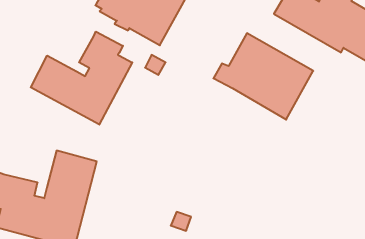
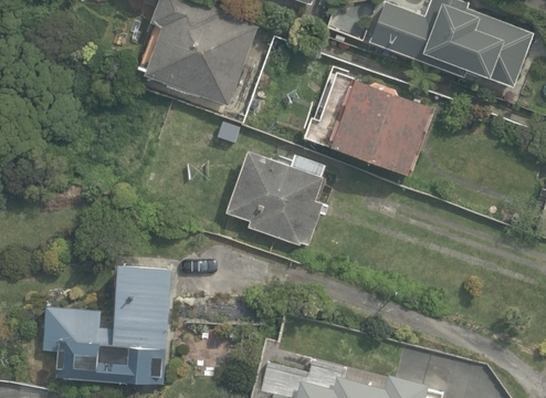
building: [31,32,132,125] -> none
building: none -> [225,151,323,245]

